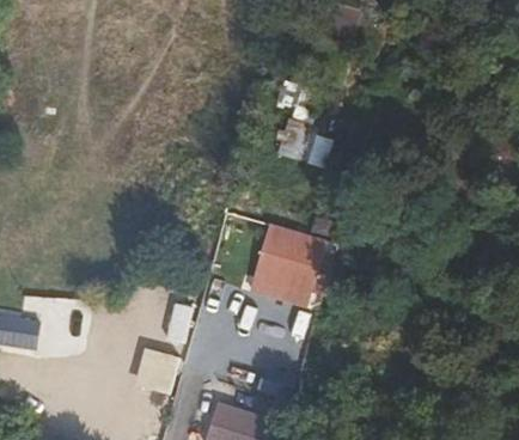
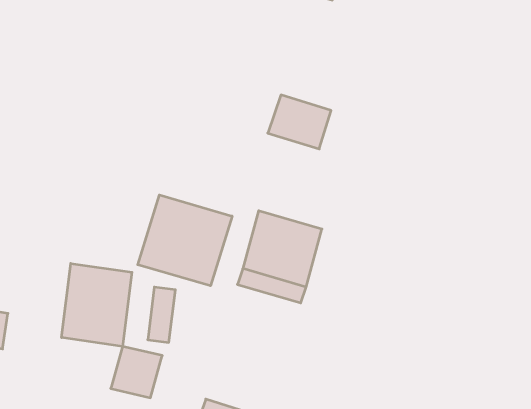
building: none -> [138,195,232,286]
building: none -> [62,263,132,346]

